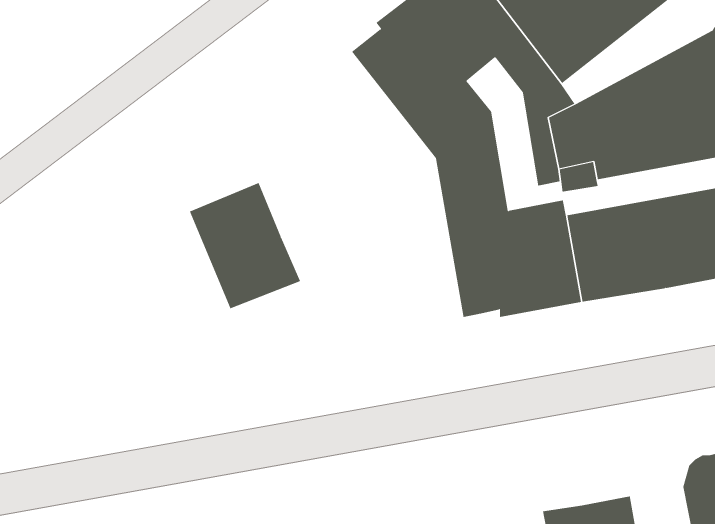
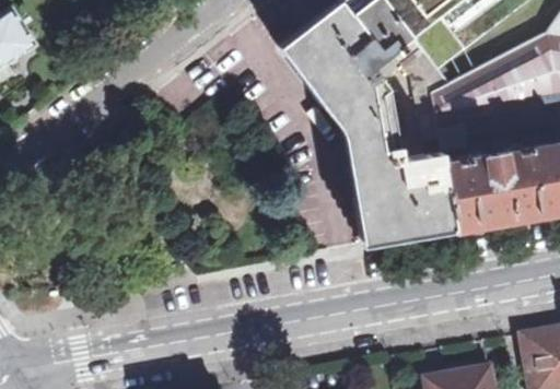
building: [189,182,301,309] -> none

